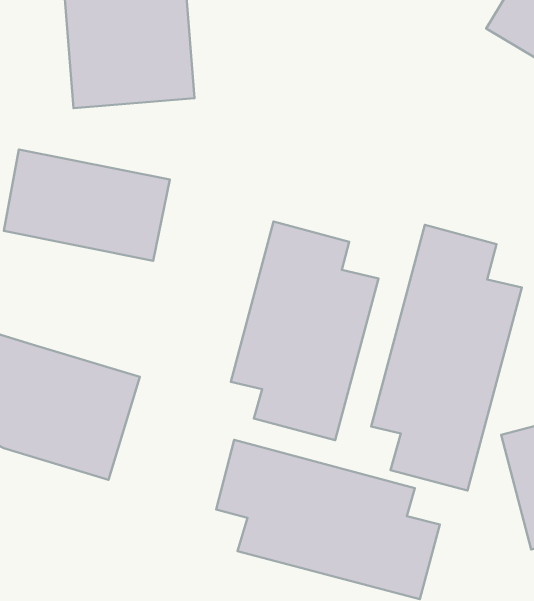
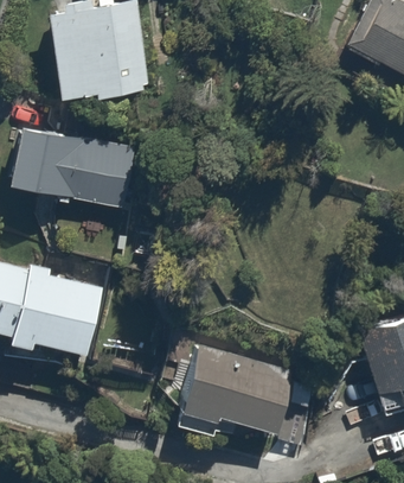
building: [231,221,378,440] -> none
building: [371,225,522,491] -> none

